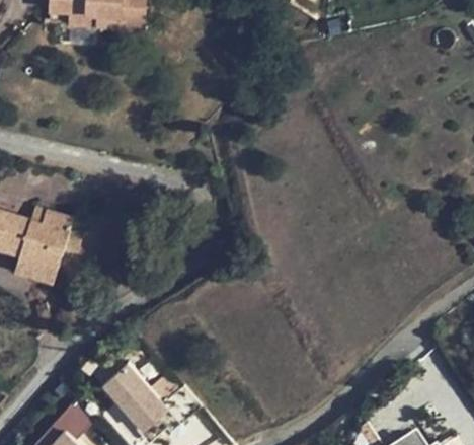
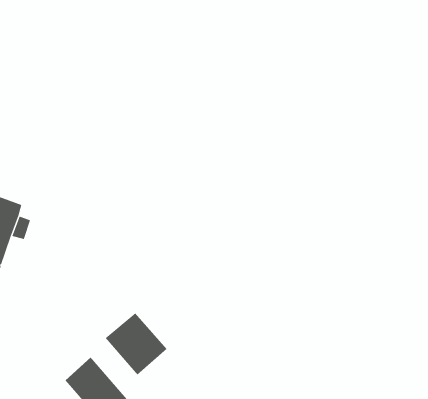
building: none -> [105,312,167,375]

